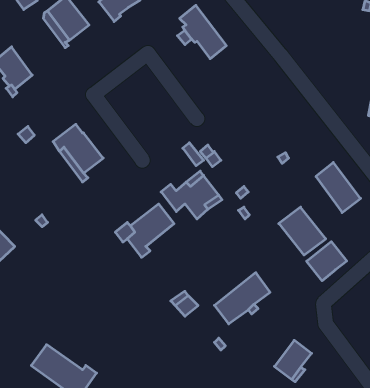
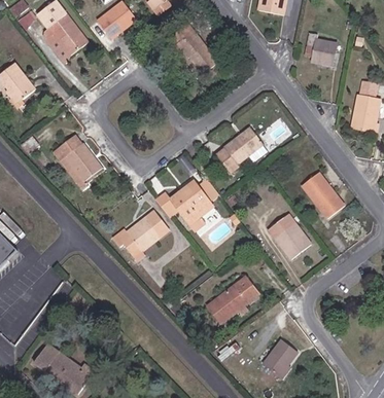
building: none -> [304,33,336,66]
building: none -> [215,128,263,173]
building: [307,242,347,281] -> none

